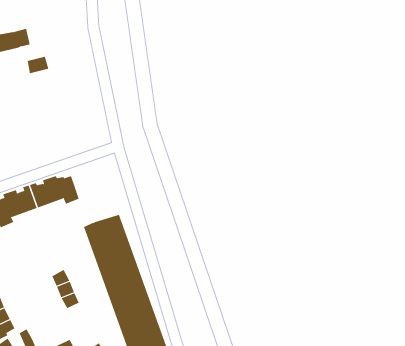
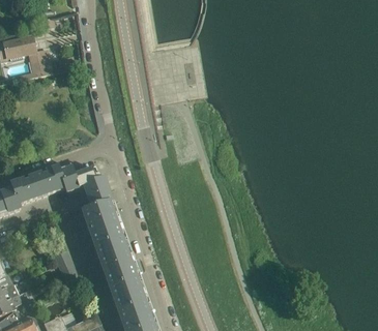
building: none -> [74,167,113,207]

